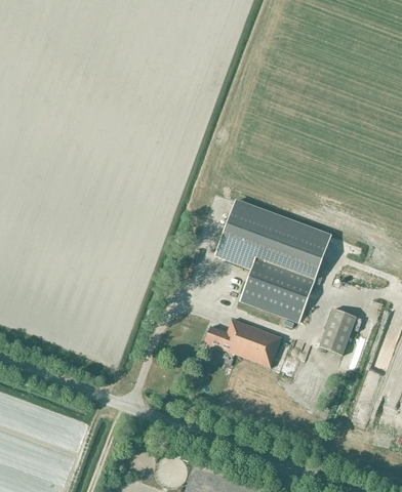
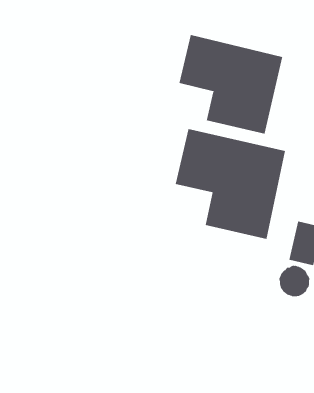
building: none -> [179,34,283,134]
building: [205,318,282,367] -> none

